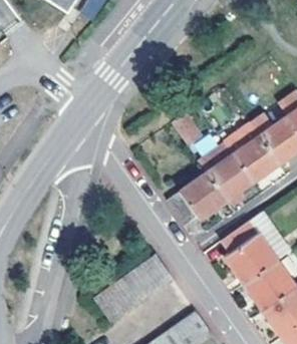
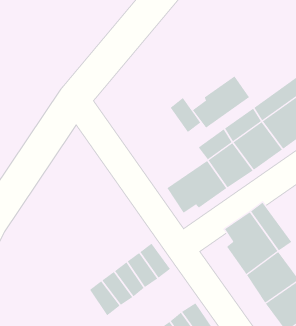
building: none -> [192,75,250,129]

